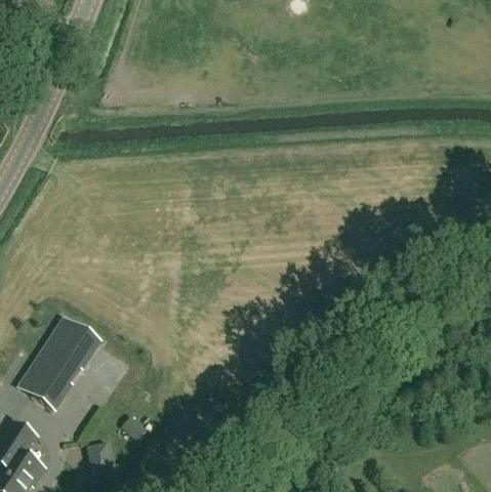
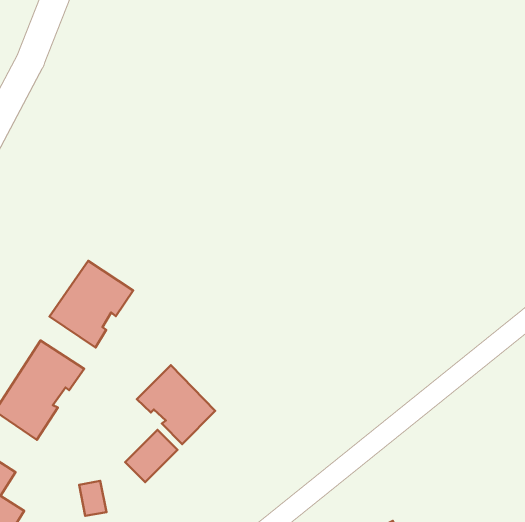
building: none -> [49,261,133,347]
building: none -> [137,365,215,444]

